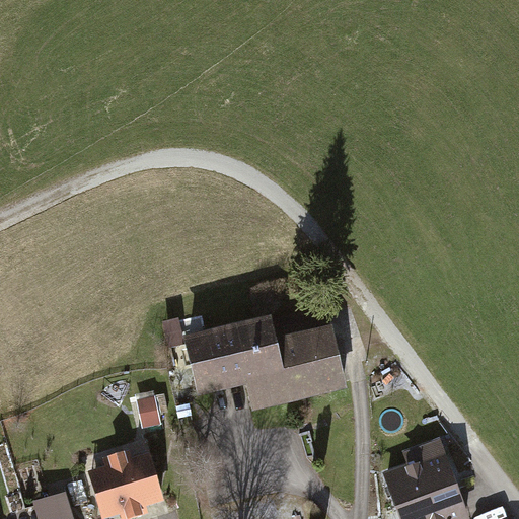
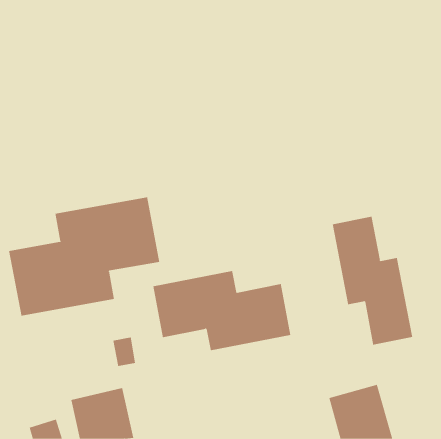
building: none -> [9,197,160,316]
building: none -> [332,216,413,346]

